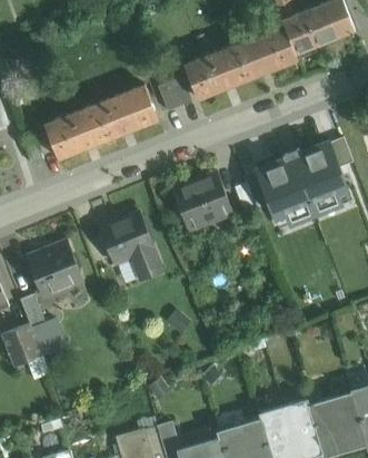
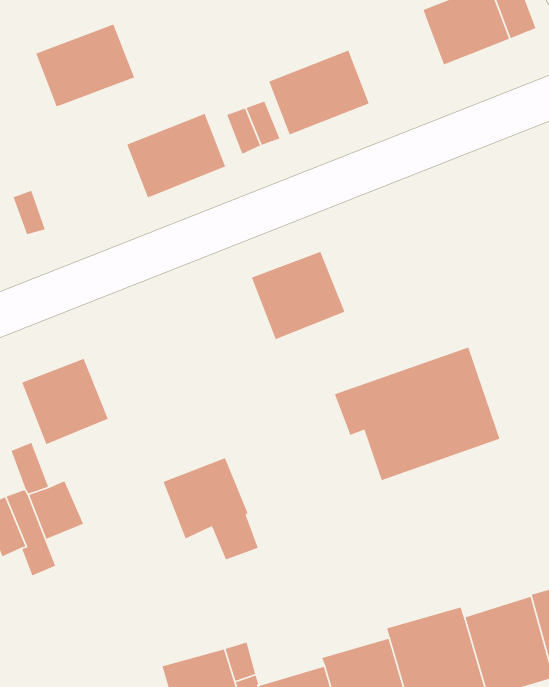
building: [236,26,298,79] -> none
building: [44,105,108,158] -> [35,23,135,108]
building: [245,139,350,225] -> [334,346,500,481]
building: [100,212,161,277] -> [163,457,259,560]

